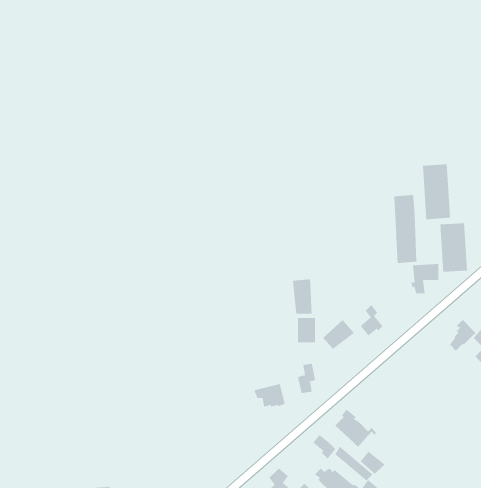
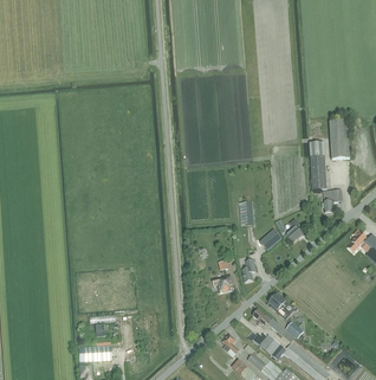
building: [440,222,468,273] -> none

